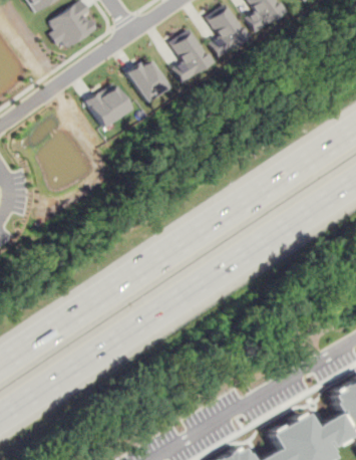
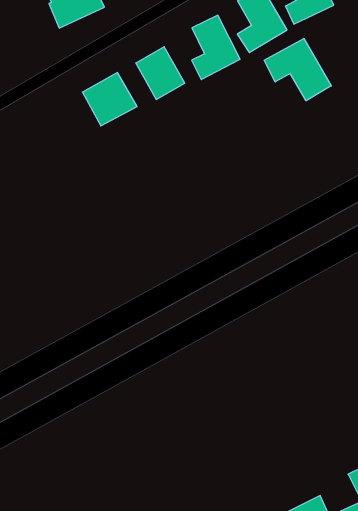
building: none -> [264,38,331,101]

